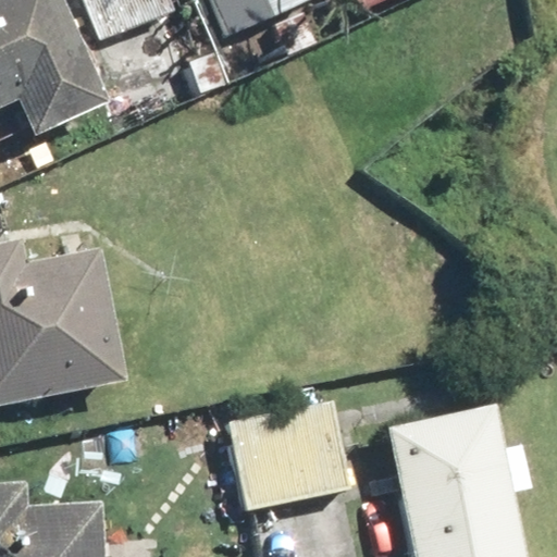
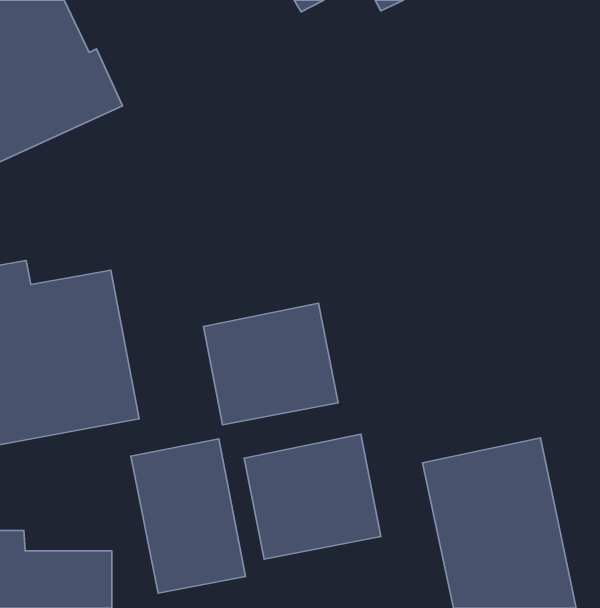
building: none -> [203,303,338,425]
building: none -> [131,439,246,593]

